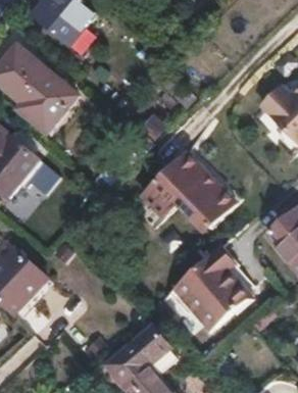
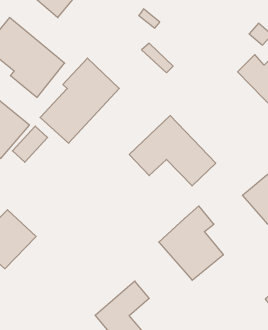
building: none -> [40,58,119,143]

